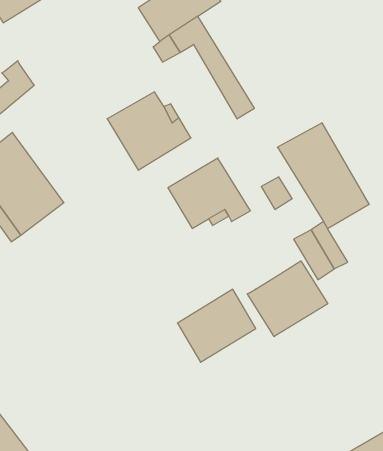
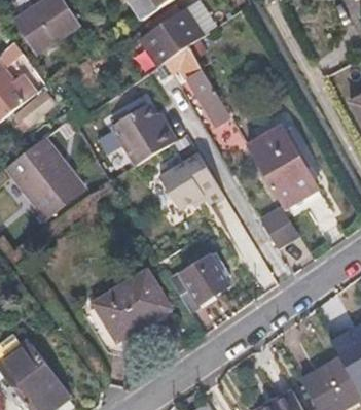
building: [247,261,328,337] -> none
building: none -> [95,271,171,340]

